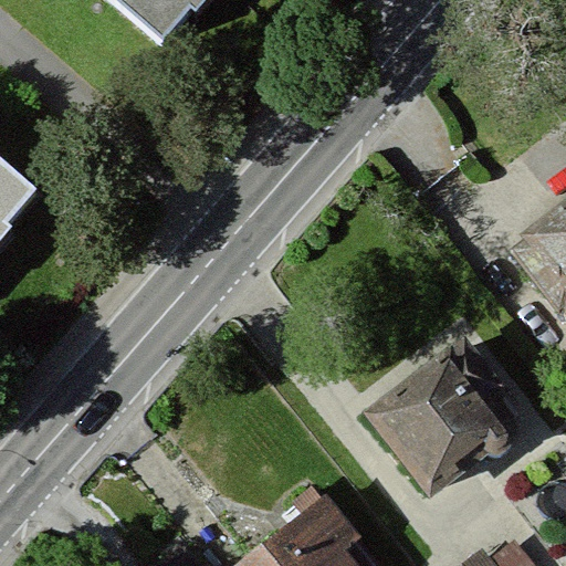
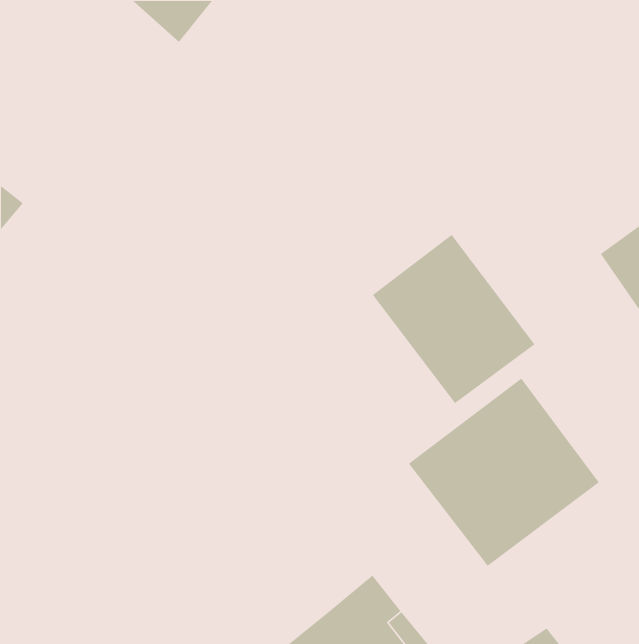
building: none -> [372,234,536,404]

